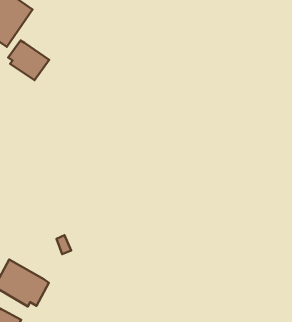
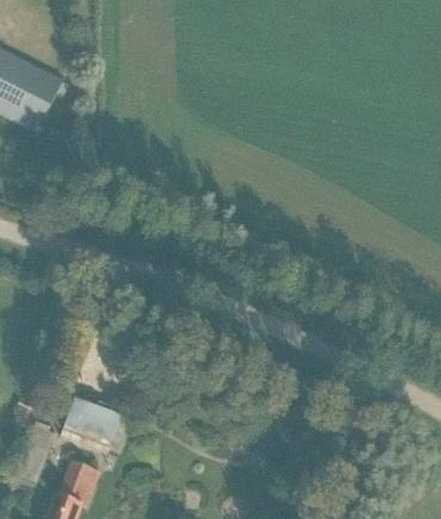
building: [8,40,49,80] -> none

